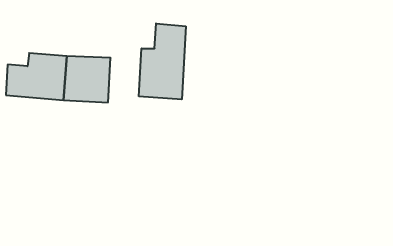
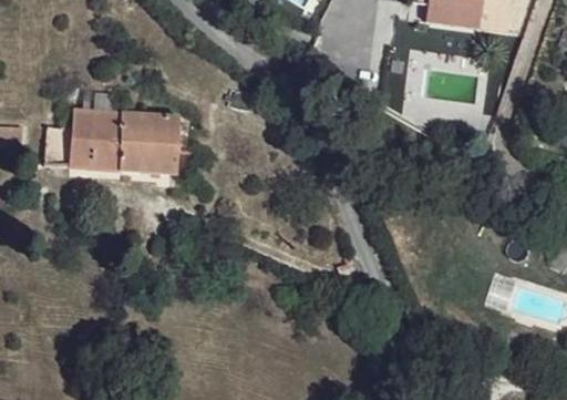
building: [139,23,186,99] -> none

